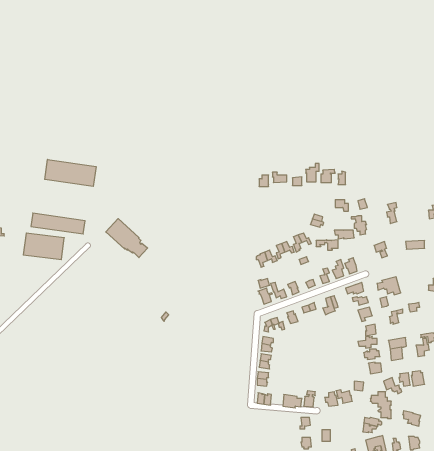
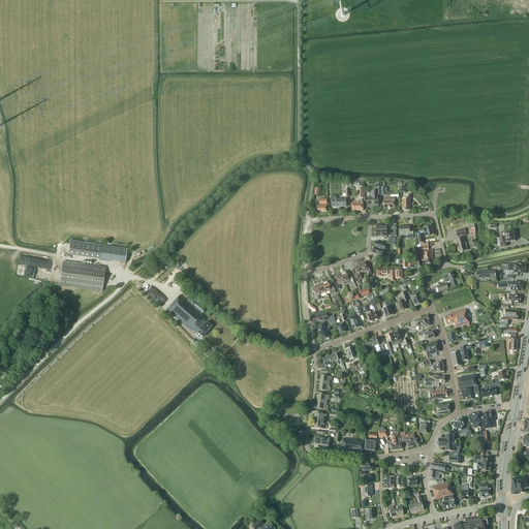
building: [45,159,96,186] -> none
building: [106,219,148,258] -> [166,293,212,336]

